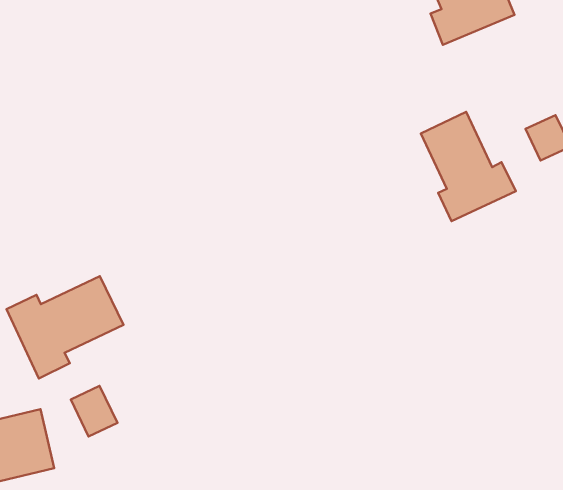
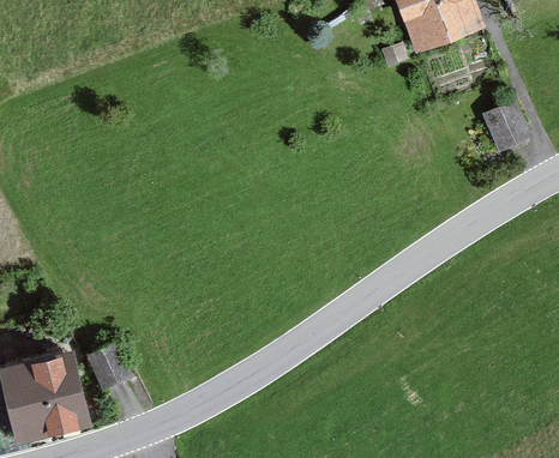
building: [421,112,516,221] -> none
building: [6,276,123,378] -> none

